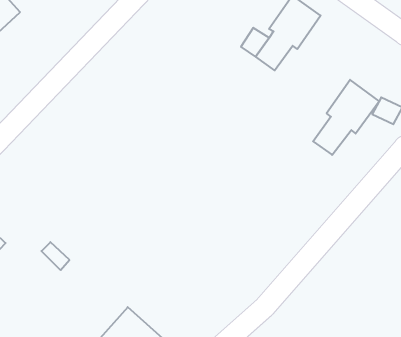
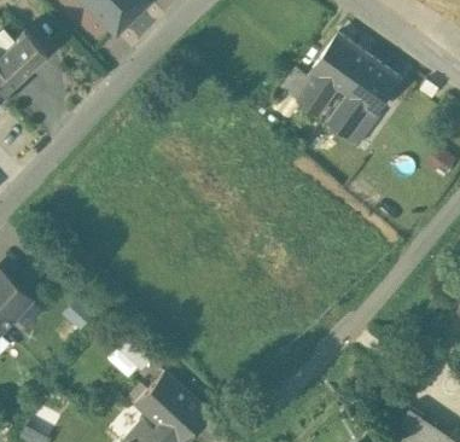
building: [313,80,379,155] -> [328,56,400,136]

